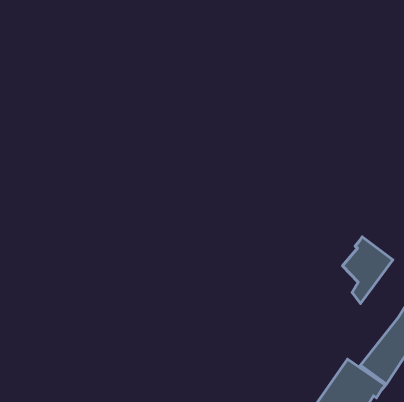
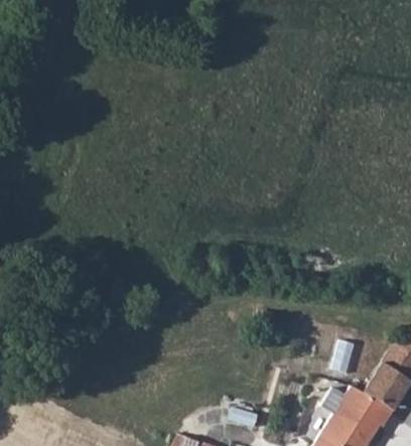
building: [343,237,393,303] -> none

